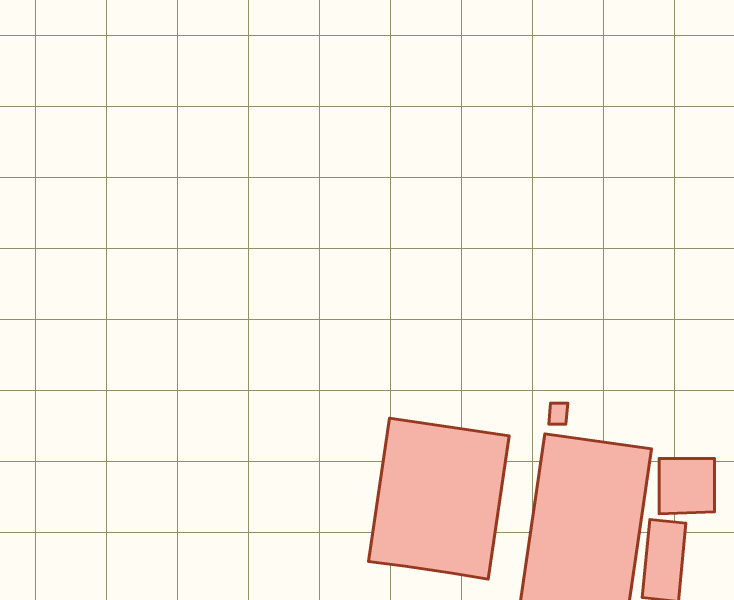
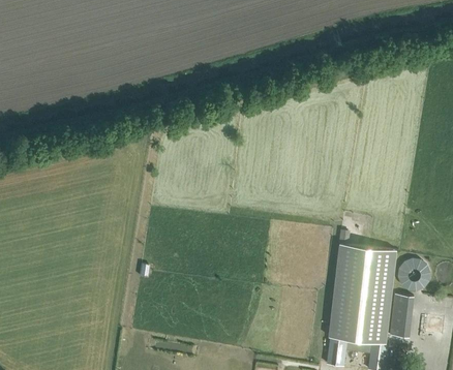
building: [369,418,509,579] -> none

